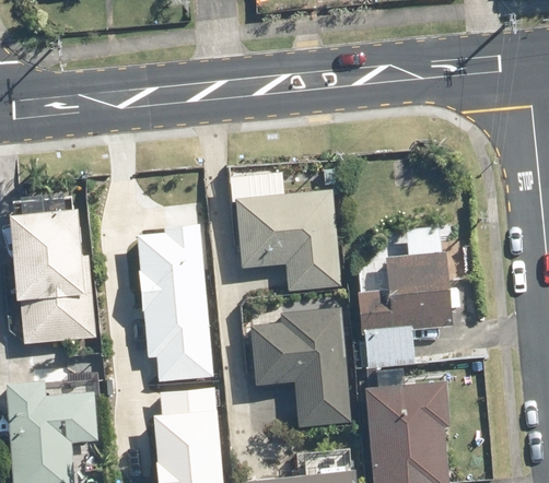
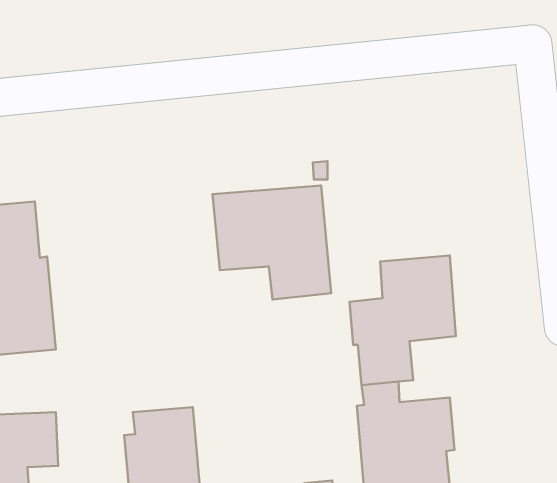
building: [137,222,213,381] -> none
building: [249,307,351,427] -> none

